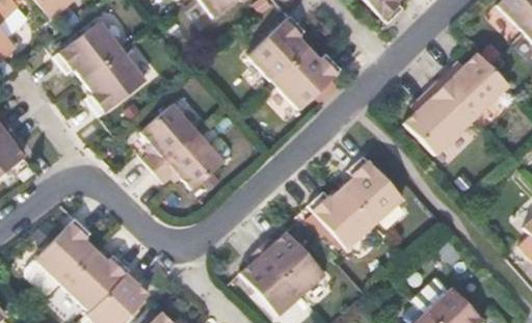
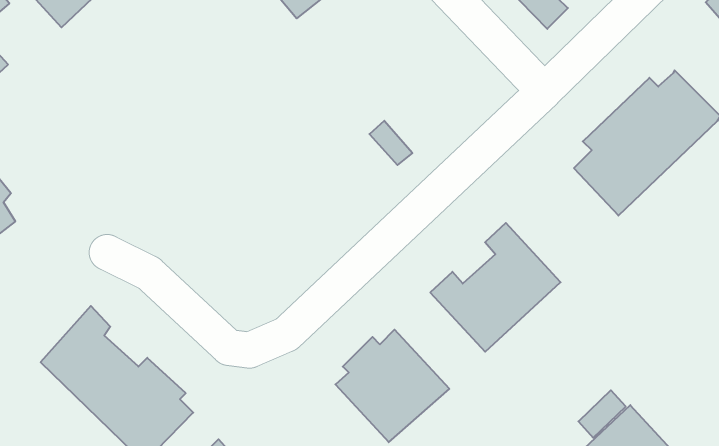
building: [254,19,343,106] -> none
building: [55,26,140,113] -> none
building: [140,105,216,186] -> none

